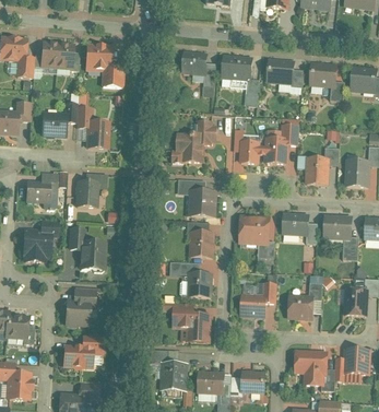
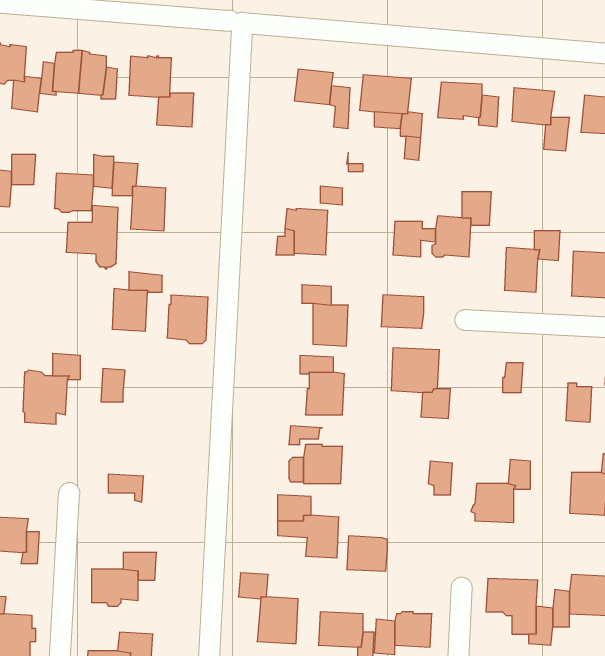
building: [25,173,56,210] -> [66,206,118,269]
building: [282,214,307,234] -> [381,295,424,328]
building: [323,216,350,237] -> none
building: [80,243,104,271] -> [167,295,208,344]
building: [240,295,264,316] -> [347,536,388,571]
building: [63,301,88,326] -> none

